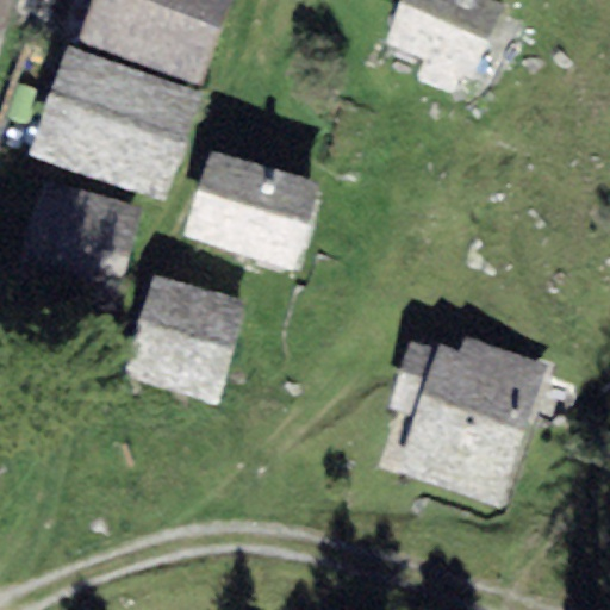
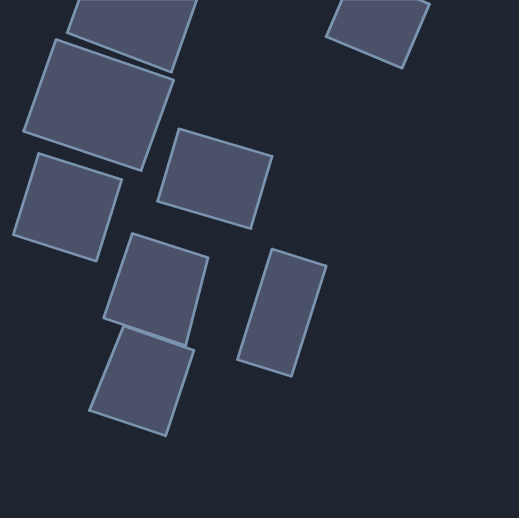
building: none -> [237,249,326,376]
building: [392,336,547,506] -> none
building: none -> [89,326,194,436]

